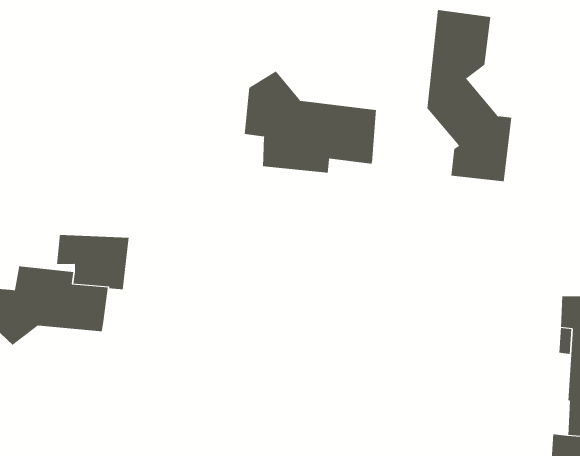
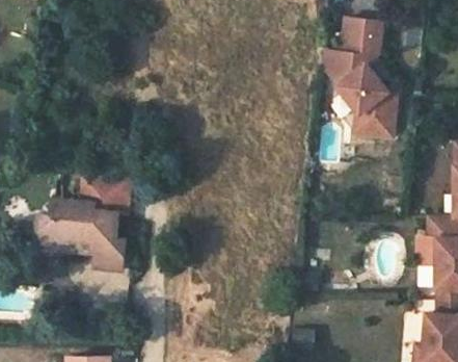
building: [244,71,376,174] -> none
building: none -> [50,236,125,268]

